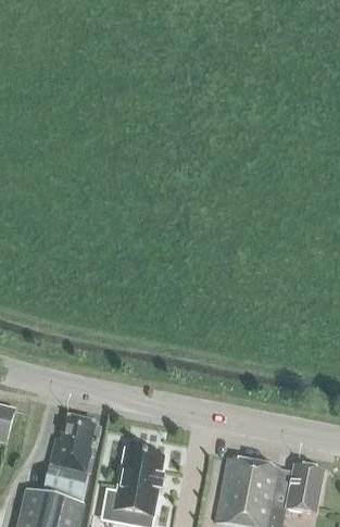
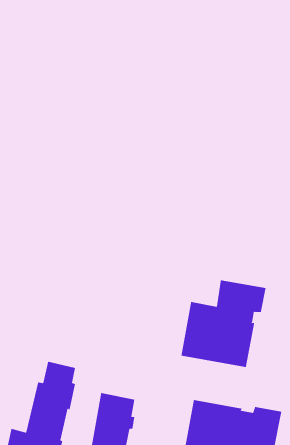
building: none -> [181,279,266,368]

